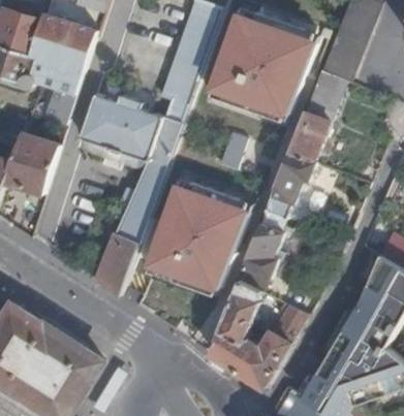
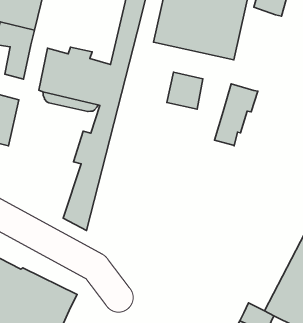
building: [287,68,342,158] -> none
building: [142,175,253,298] -> none
building: [242,207,283,275] -> none
building: [208,278,306,386] -> none

